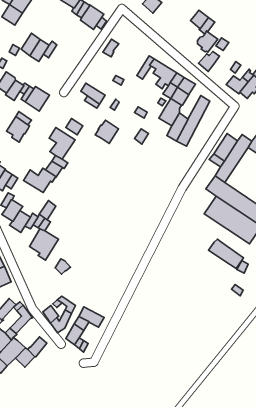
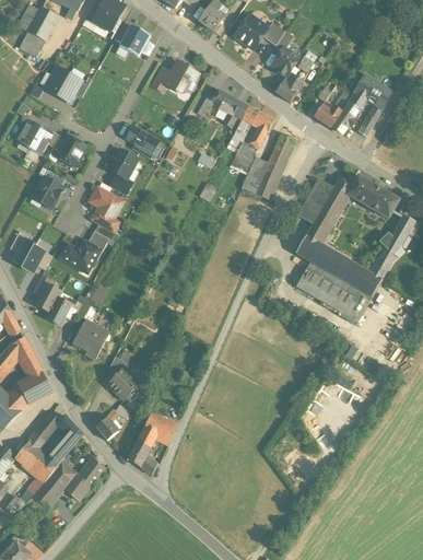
building: none -> [234,19,269,49]
building: none -> [165,62,198,91]
building: [95,120,118,143] -> [108,149,138,178]
building: [208,239,243,269] -> none
building: none -> [109,371,141,399]

